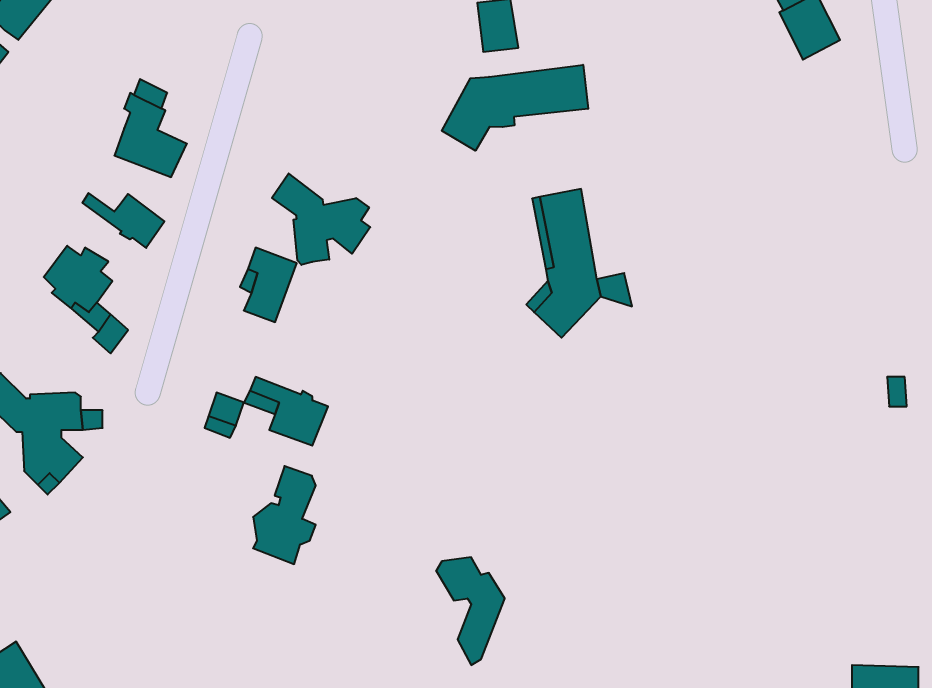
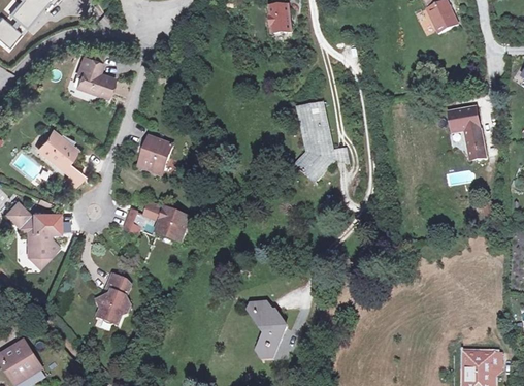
building: [442,65,588,151] -> none
building: [272,173,370,265] -> none
building: [82,193,164,248] -> none
building: none -> [449,107,484,159]
building: [253,466,316,564] -> [99,271,132,323]

